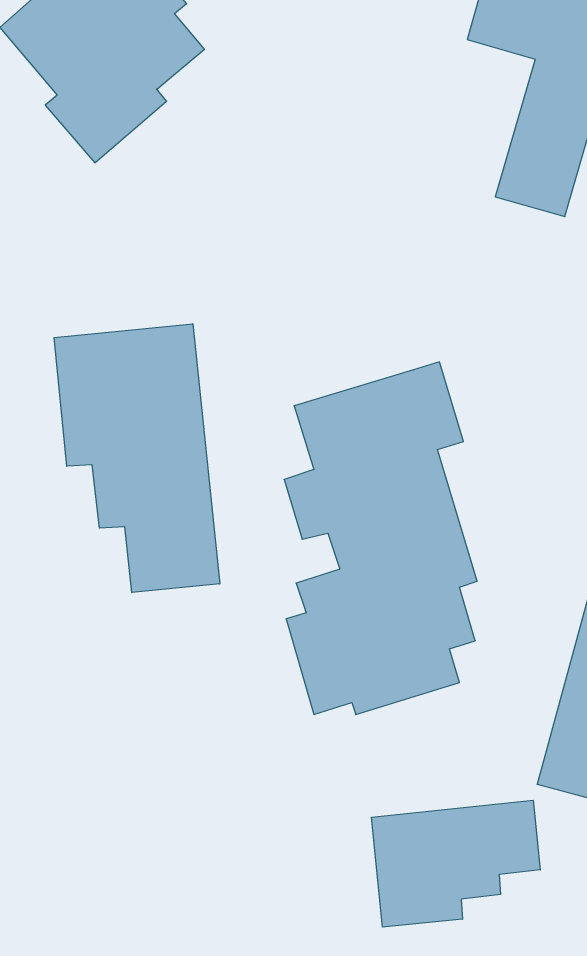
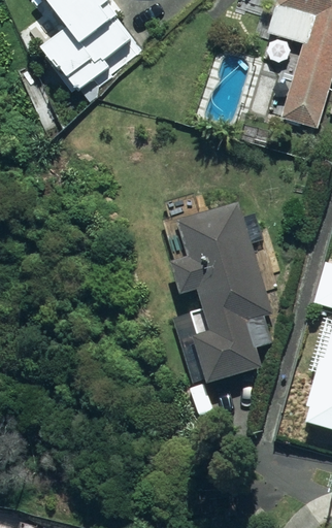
building: [54,324,220,593] -> none
building: [372,800,540,927] -> none

